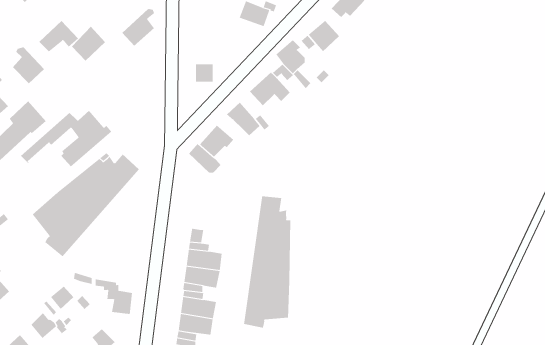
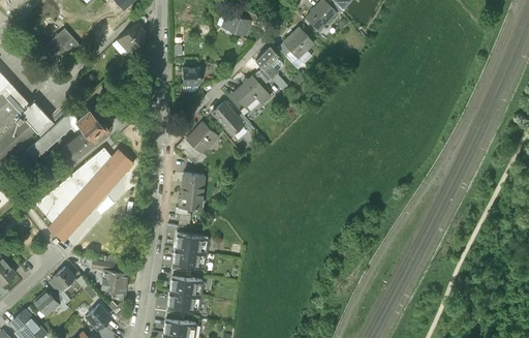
building: [71,26,106,62] -> none
building: [12,47,45,84] -> none
building: none -> [181,175,204,209]
building: [243,195,291,328] -> none

